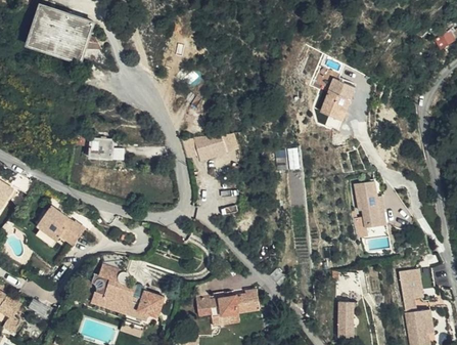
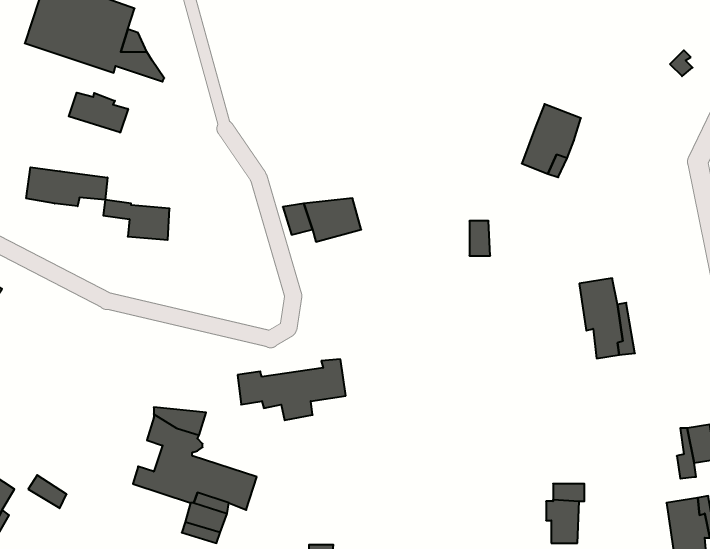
building: none -> [69,93,128,133]
building: none -> [26,167,107,206]
building: [36,207,85,247] -> none
building: [397,269,414,300] -> none
building: [195,290,259,326] -> [238,359,346,420]

